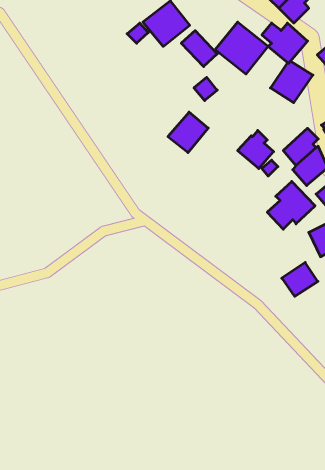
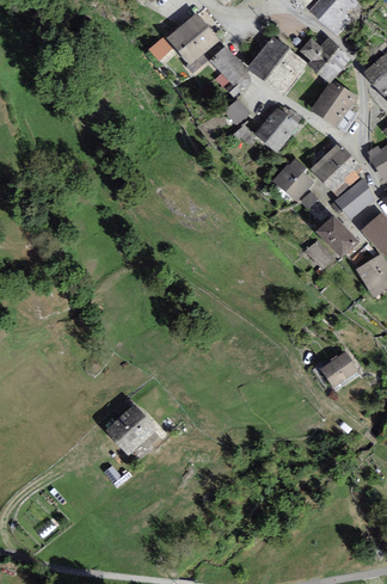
building: [168,112,208,153] -> [254,106,300,152]
building: none -> [311,143,351,180]
building: [282,262,318,296] -> [319,350,360,388]
building: none -> [103,404,158,457]

